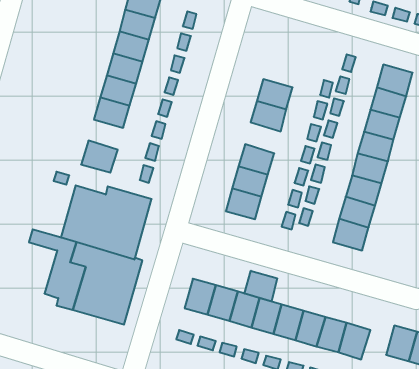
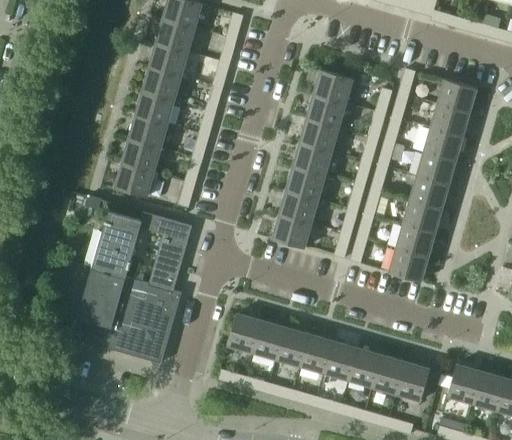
building: none -> [313,70,352,104]
building: none -> [122,139,160,172]
building: none -> [293,142,332,176]
building: [244,271,277,301] -> none

